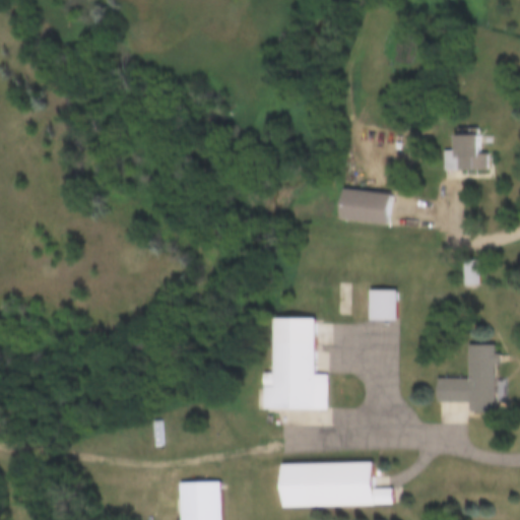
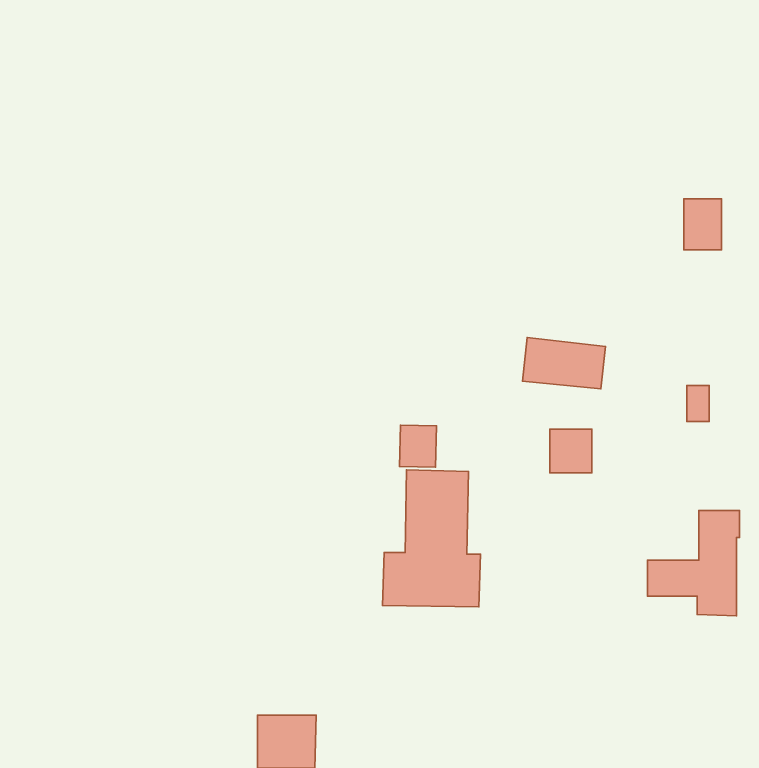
building: [339,188,395,222] -> [523,337,605,389]
building: none -> [400,425,437,467]
building: [276,461,390,508] -> none

